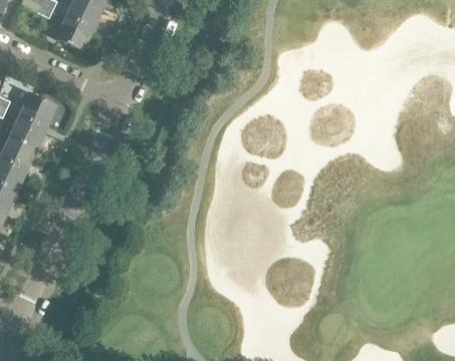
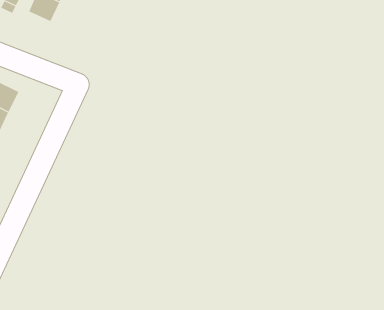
building: [56,16,90,48] -> none

